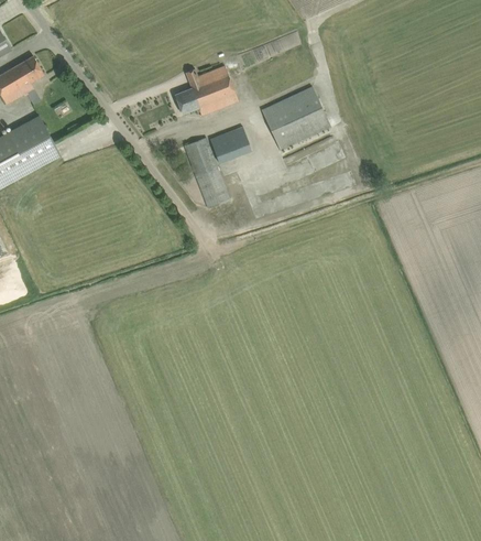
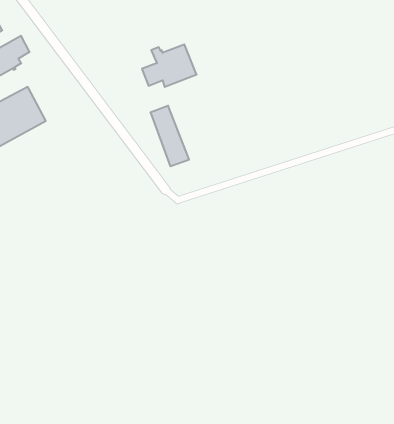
building: [261,85,331,151] -> none
building: [209,127,251,163] -> none

